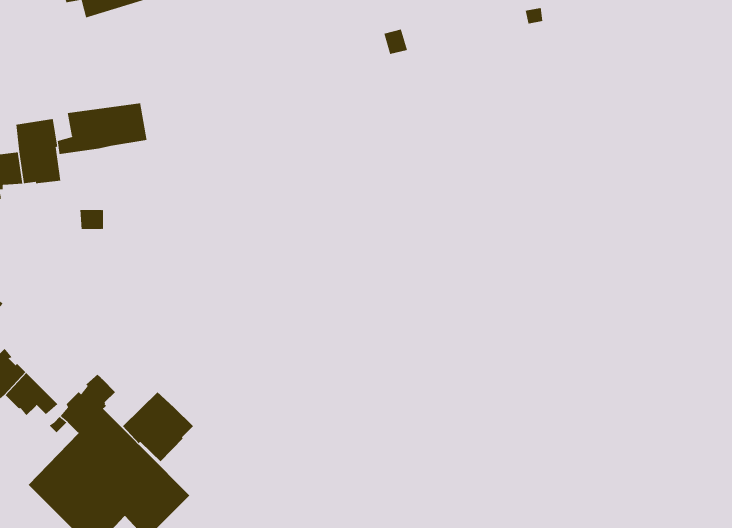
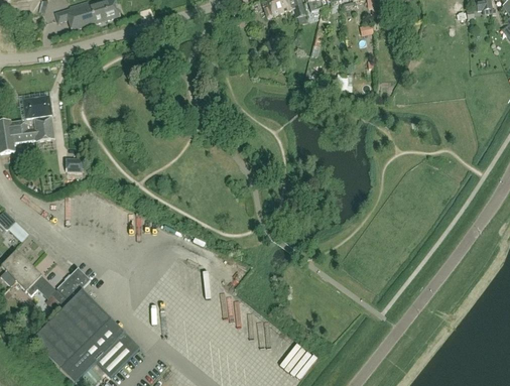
building: [57,102,147,155] -> none
building: [122,392,194,462] -> none

